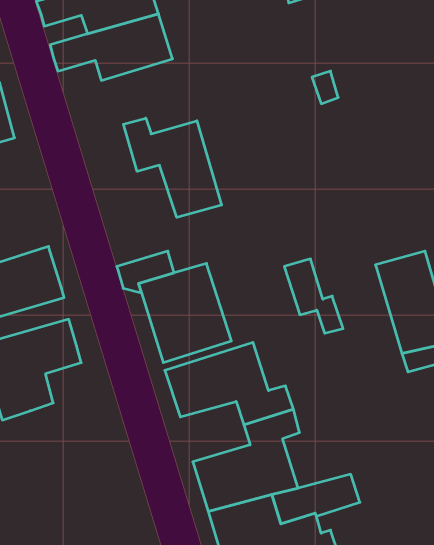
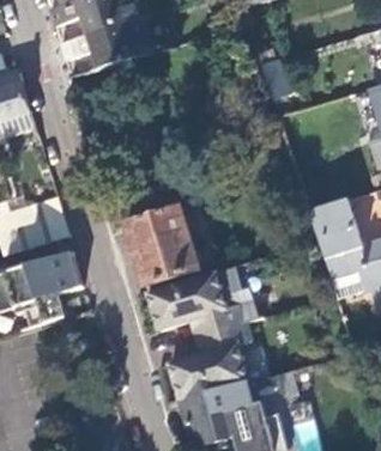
building: [123,118,222,217] -> none
building: [284,259,343,333] -> [214,263,260,321]

